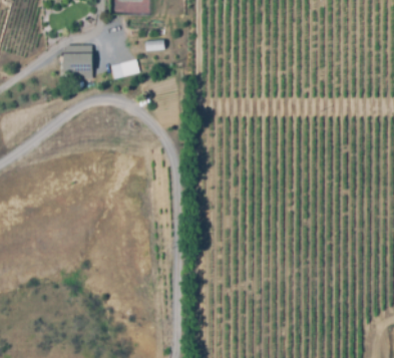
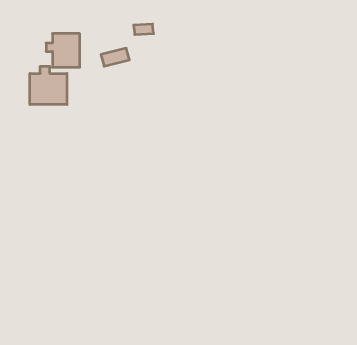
building: none -> [30,66,67,105]

